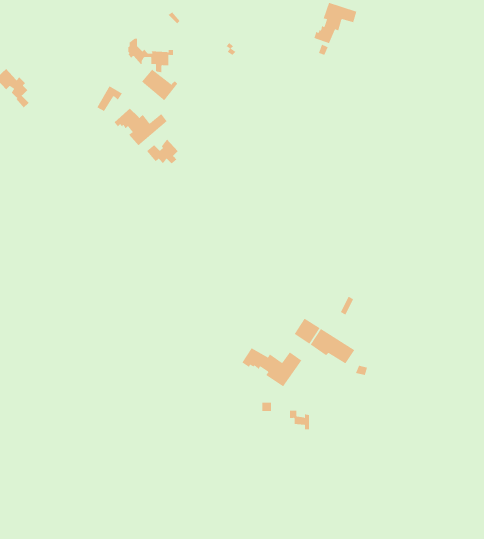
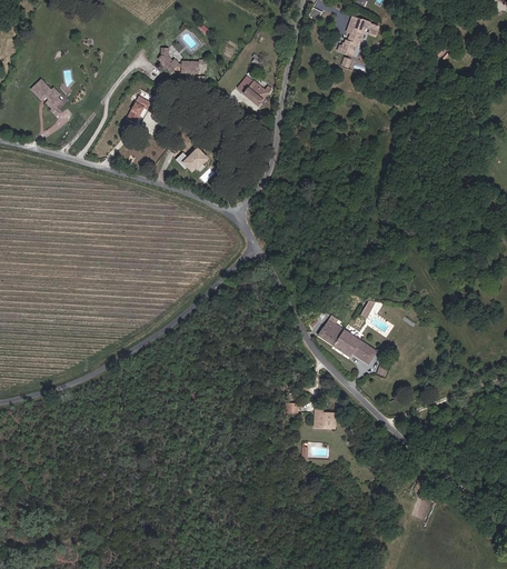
building: [141,69,178,101] -> [237,74,272,106]
building: [114,108,168,146] -> none
building: [242,347,302,387] -> none

